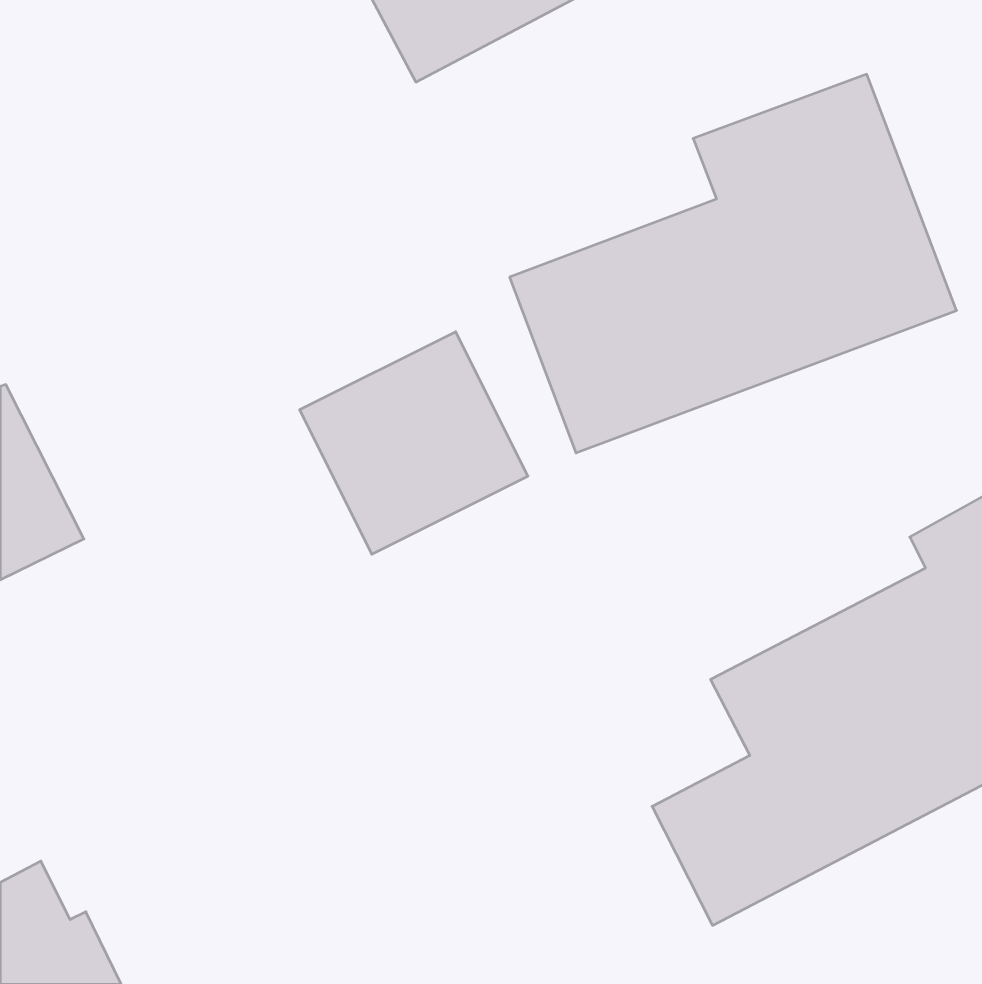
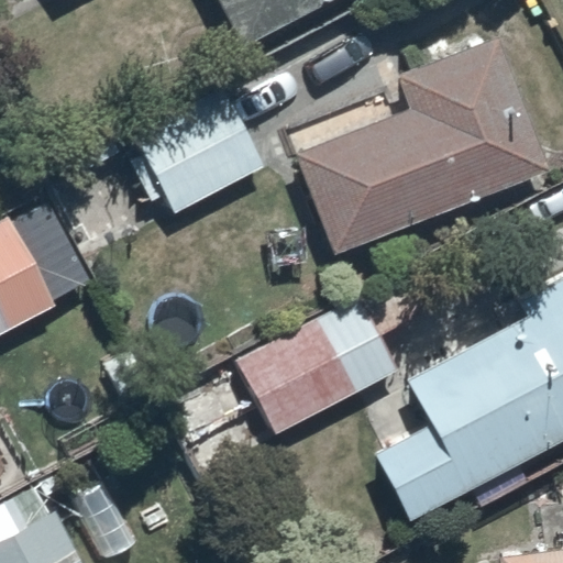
building: [300,332,528,554] -> [133,85,262,210]
building: none -> [239,275,419,431]

